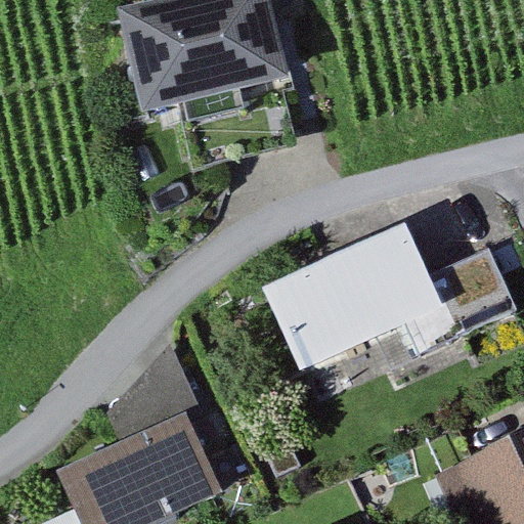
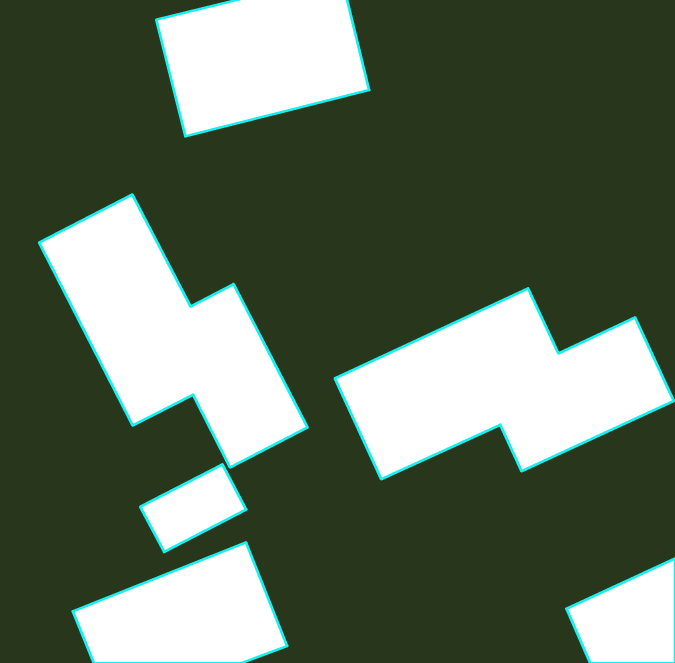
building: none -> [39,195,307,467]

